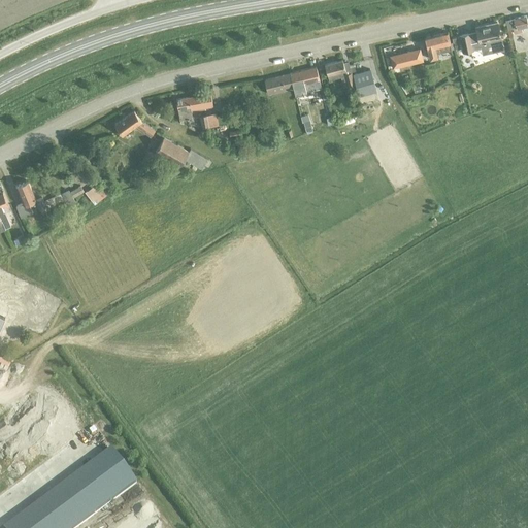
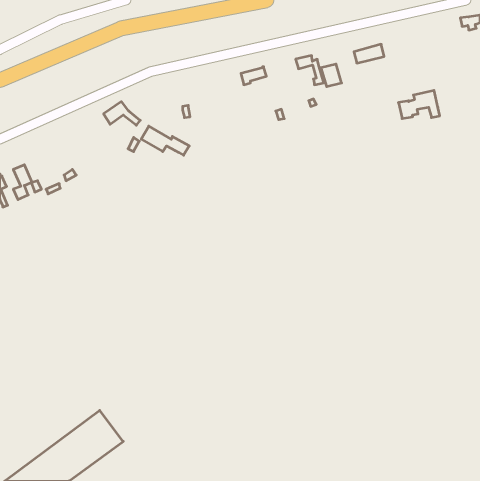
building: [457,22,502,53] -> [398,90,440,119]
building: [424,33,450,59] -> none
building: [289,66,320,94] -> none
building: [175,94,212,125] -> none

